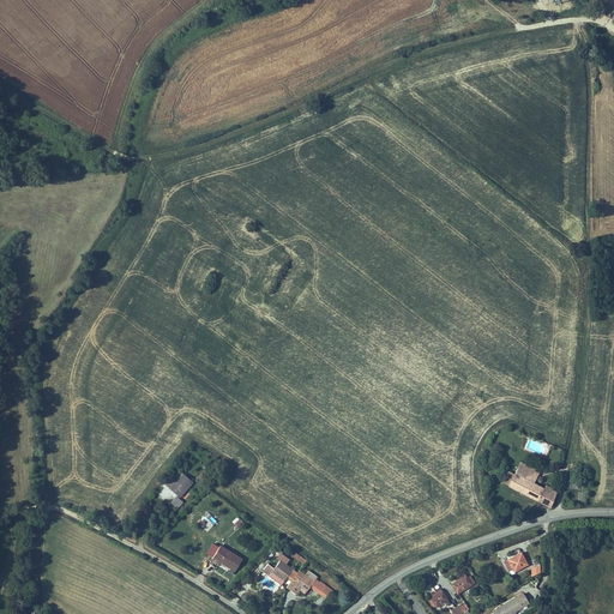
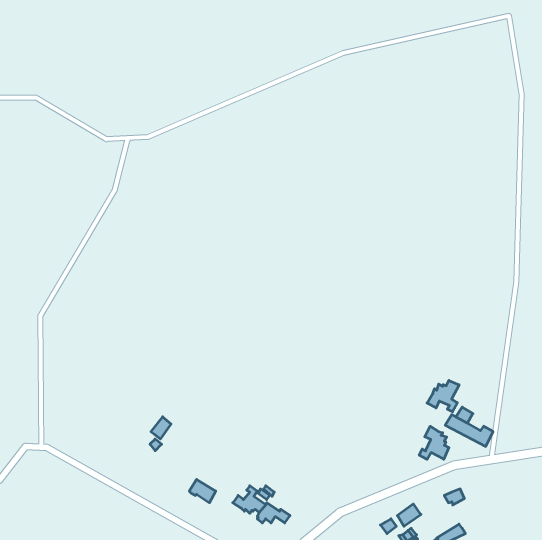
building: none -> [427,380,459,412]
building: none -> [419,426,449,459]

